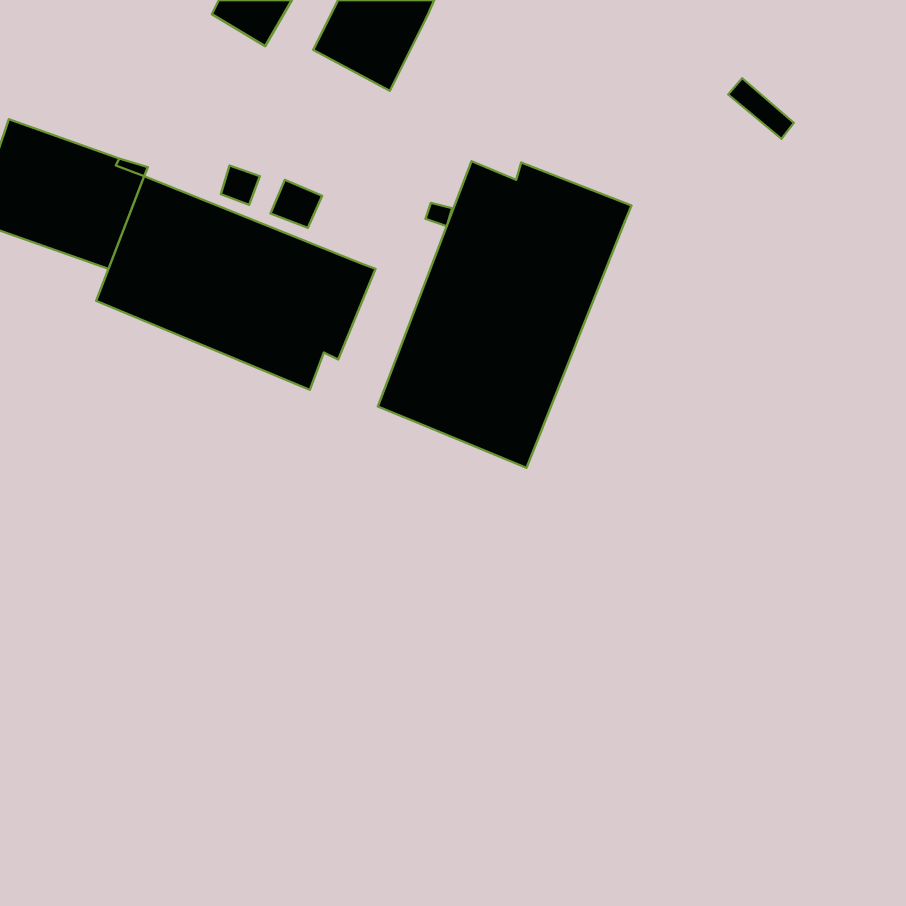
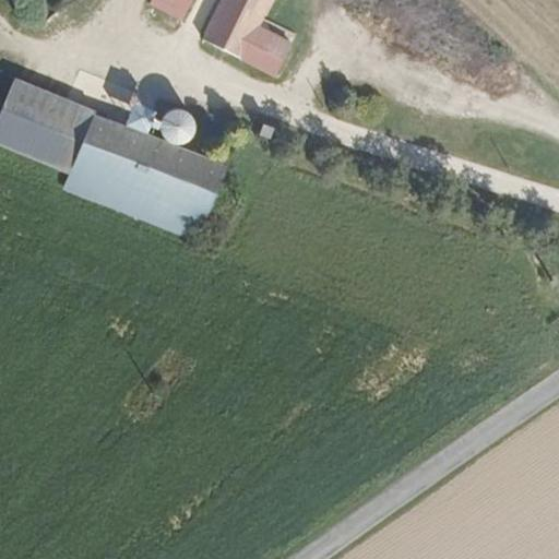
building: none -> [239,14,296,76]
building: [378,161,632,468] -> none

